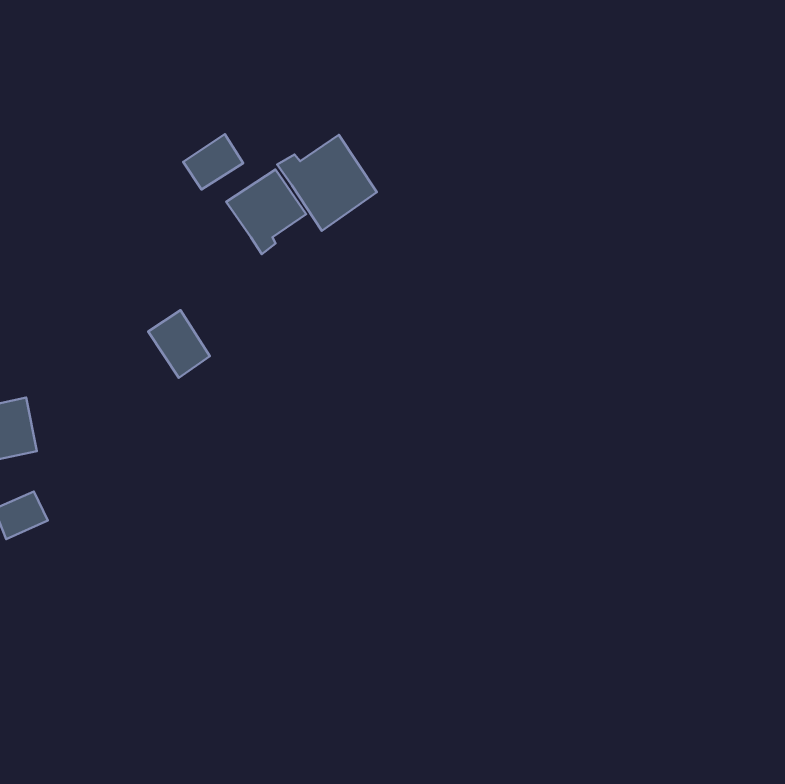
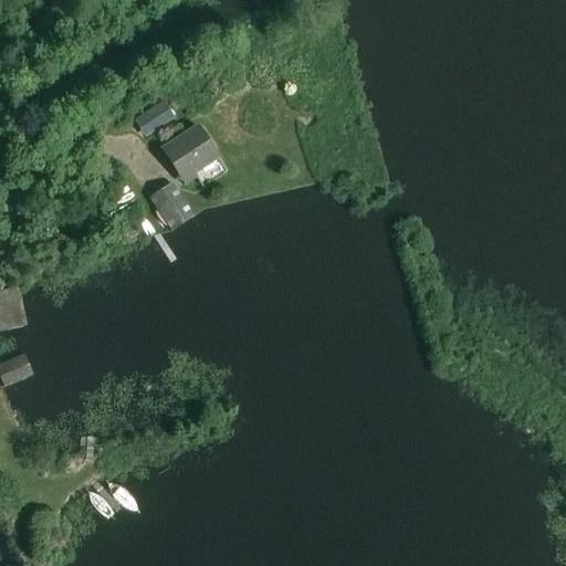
building: [277,135,377,231] -> none
building: [148,310,210,378] -> [149,181,193,230]

